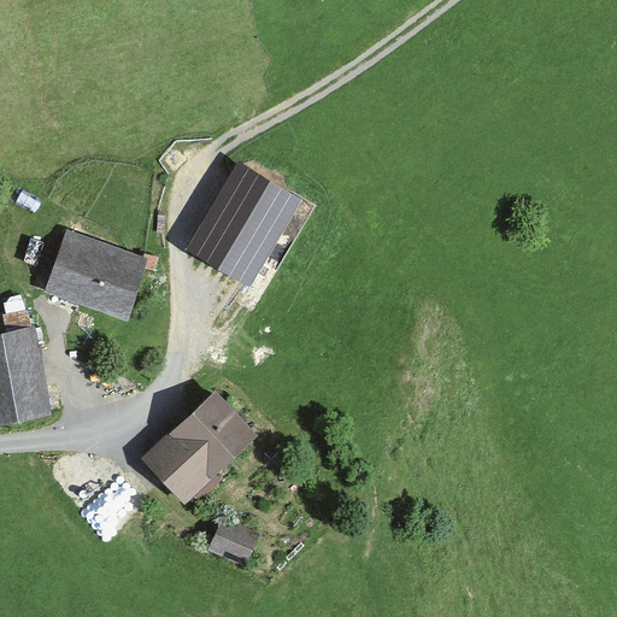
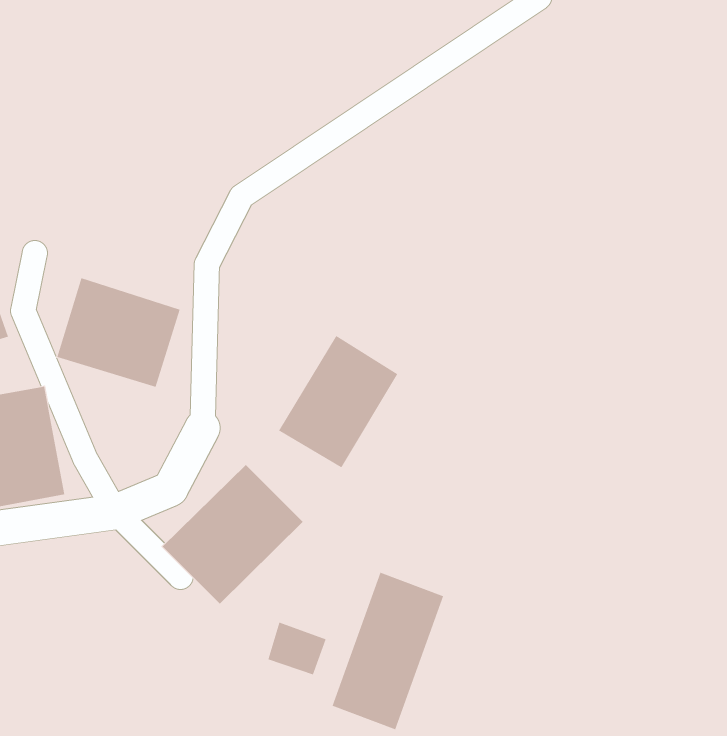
building: [186,169,286,280] -> [278,335,398,468]
building: none -> [332,572,444,730]

